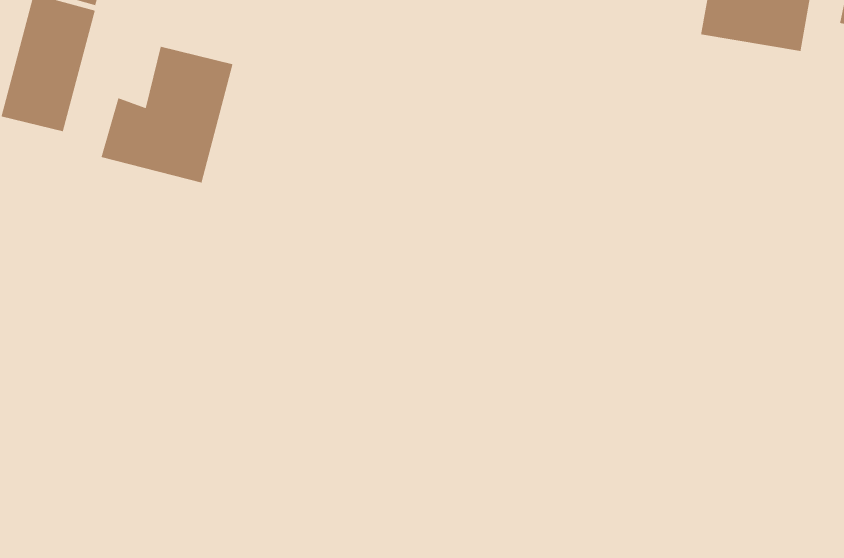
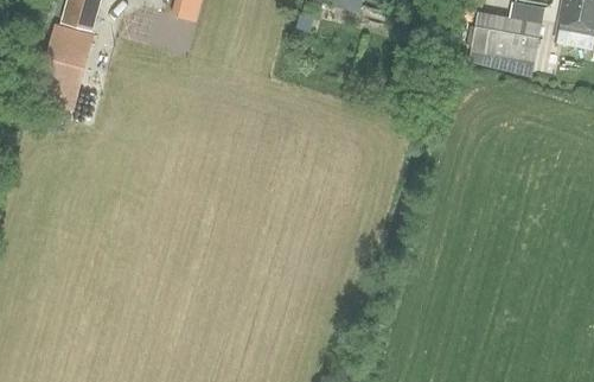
building: [101,46,233,183] -> none

